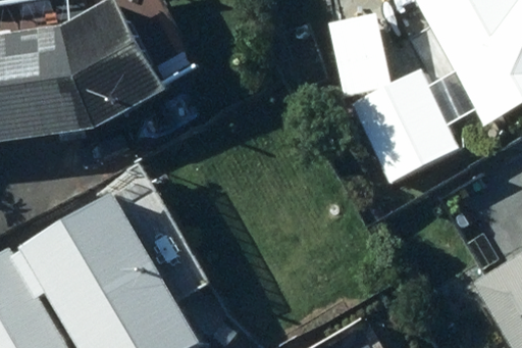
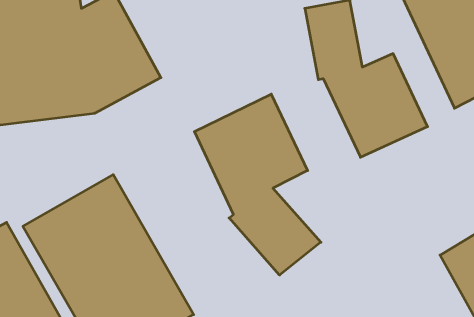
building: none -> [194,94,321,275]

